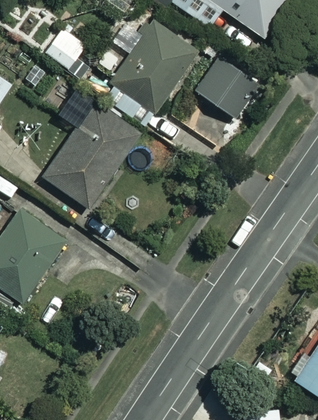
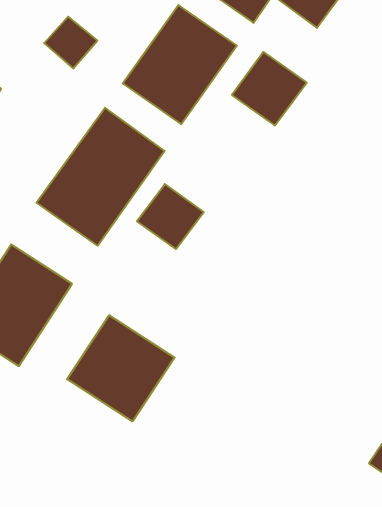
building: none -> [137,184,204,249]
building: none -> [67,315,175,421]

